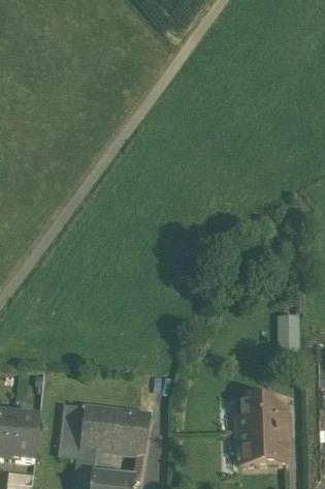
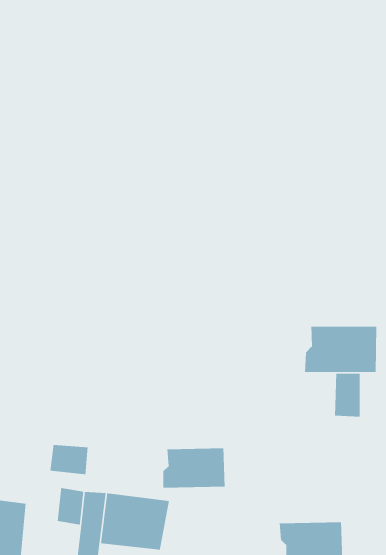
building: none -> [304,326,377,373]
building: none -> [50,444,88,475]
building: [236,398,286,430] -> [162,448,226,488]

